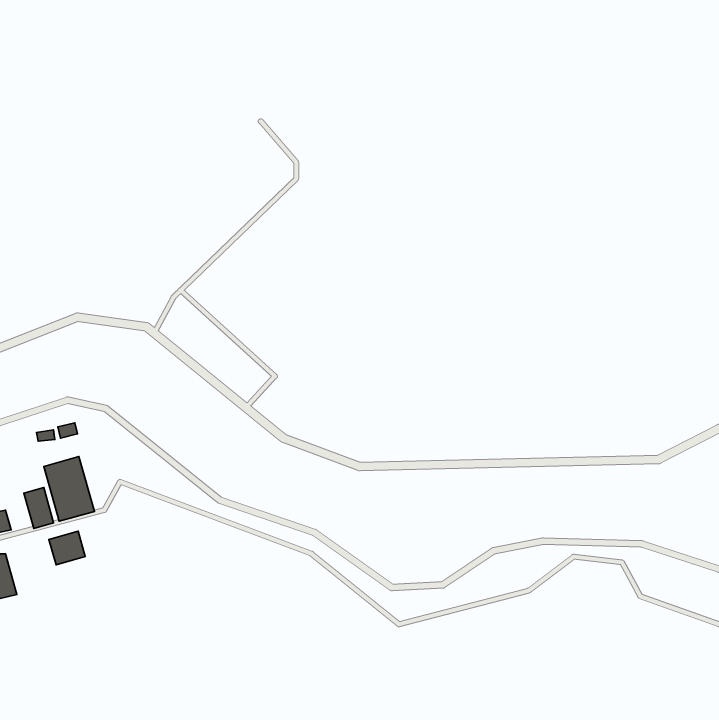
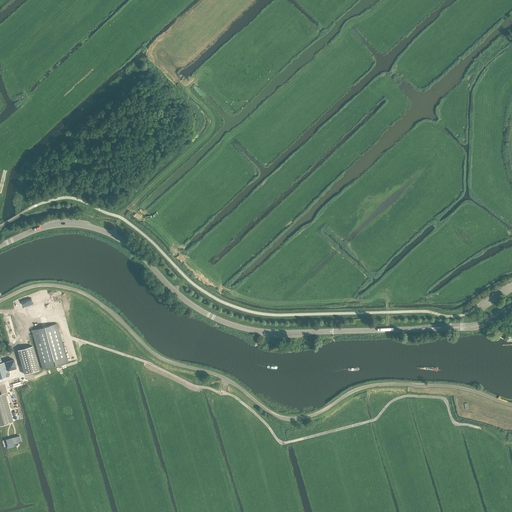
building: [49,531,85,565] -> none

